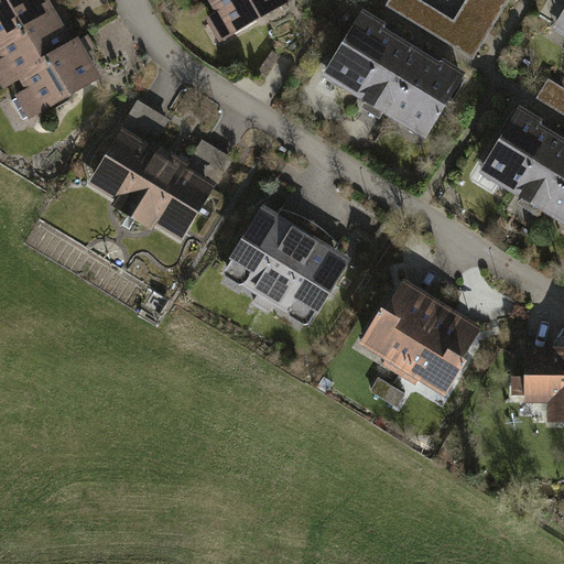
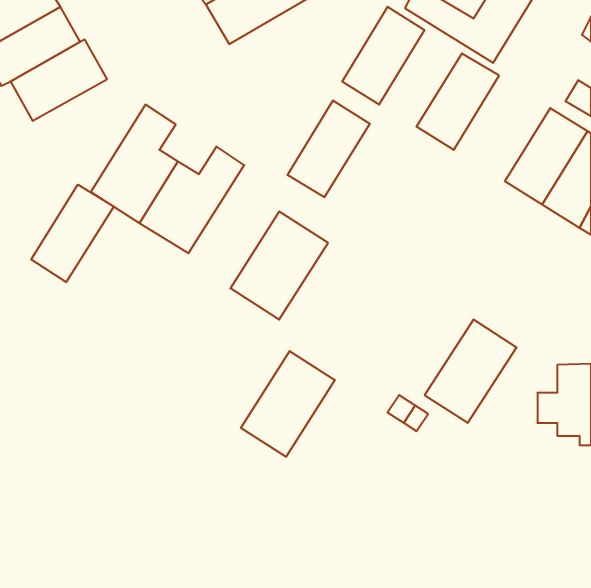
building: [359,29,437,120] -> [287,101,370,197]
building: none -> [31,185,114,282]
building: [264,230,354,330] -> [241,351,335,457]
building: [360,276,448,375] -> none

